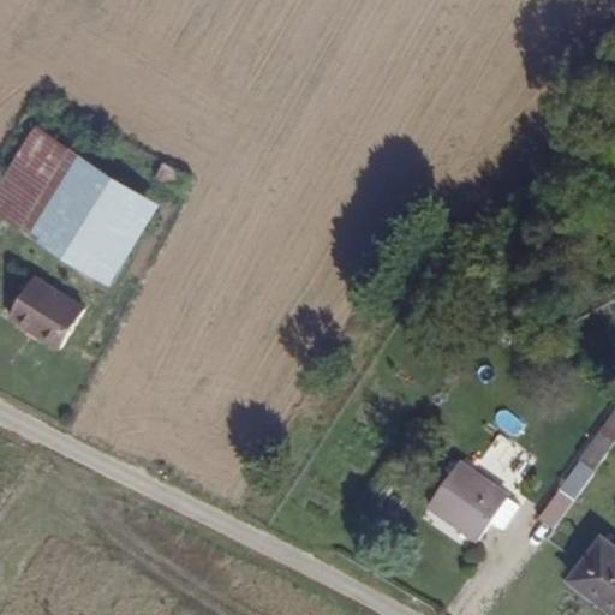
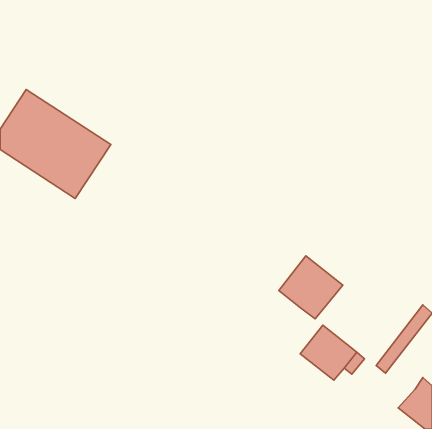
building: [6,277,83,348] -> none
building: none -> [279,256,343,319]

